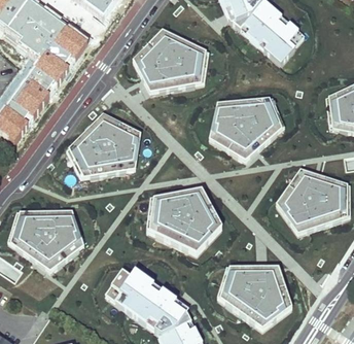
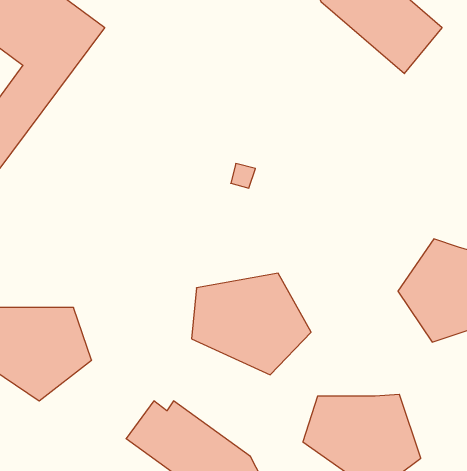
building: [134,28,209,92] -> none
building: [209,96,285,159] -> none
building: [67,112,141,176] -> none

